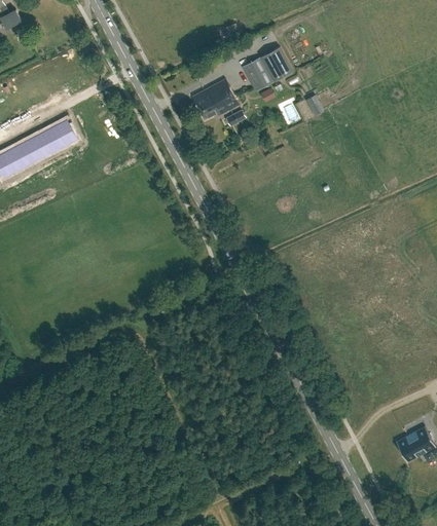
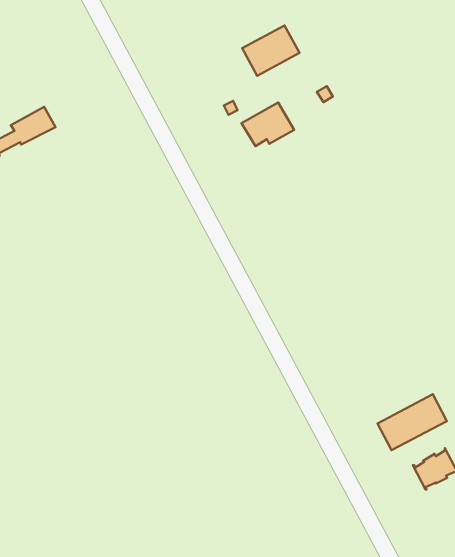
building: [191,79,239,118] -> [242,103,294,146]
building: none -> [377,394,447,450]

